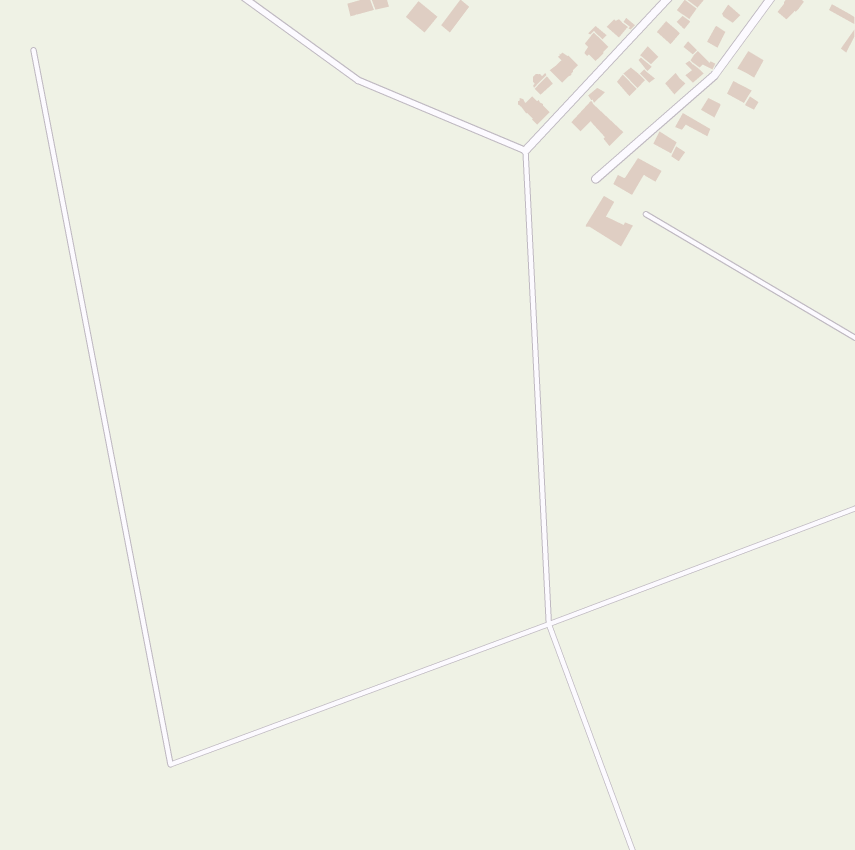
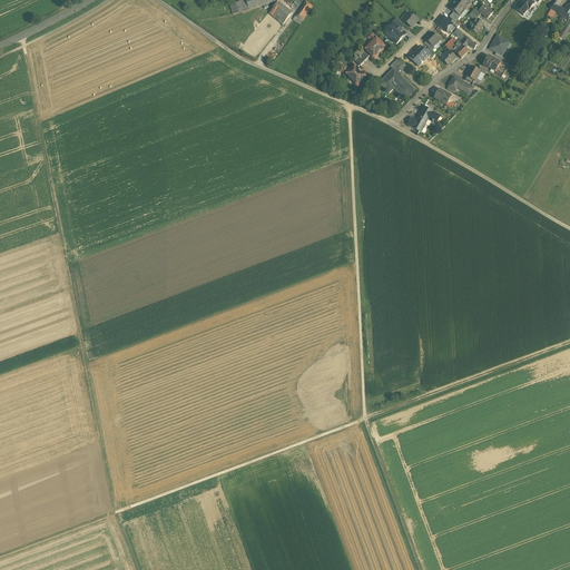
building: [585,195,634,247] -> none

